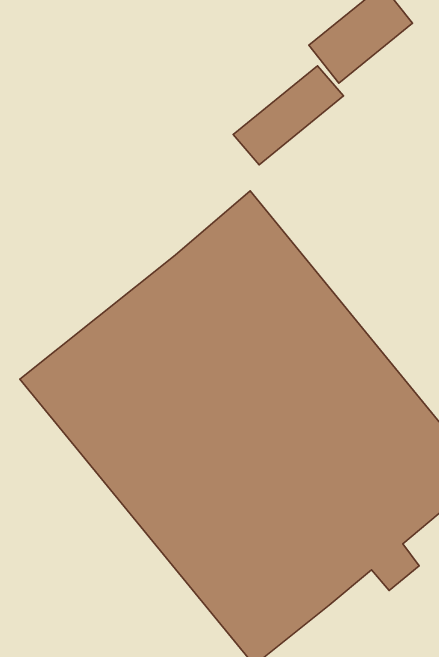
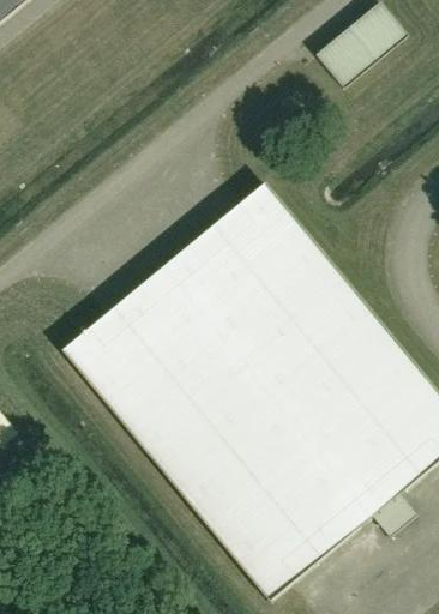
building: [233,66,343,165] -> none

